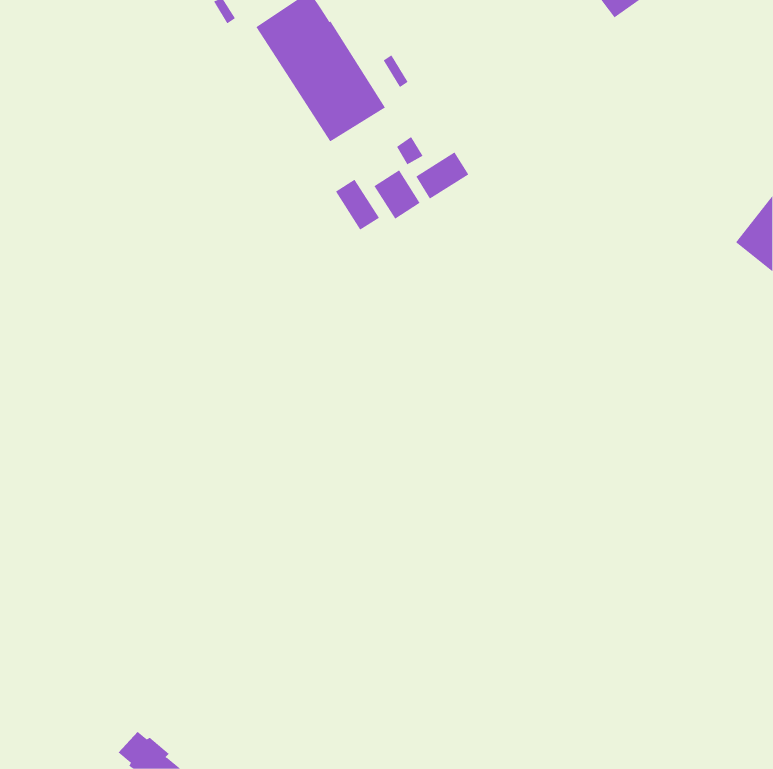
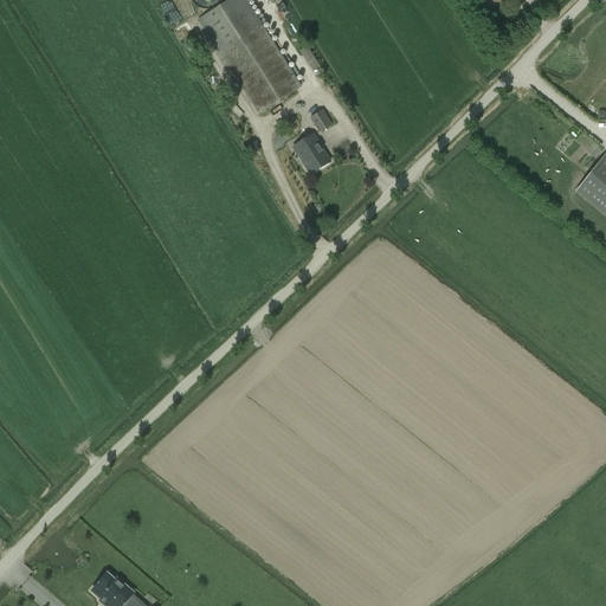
building: [415,151,469,200] -> none
building: [335,179,380,231] -> none

